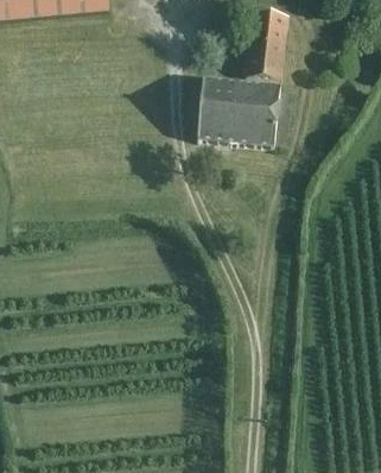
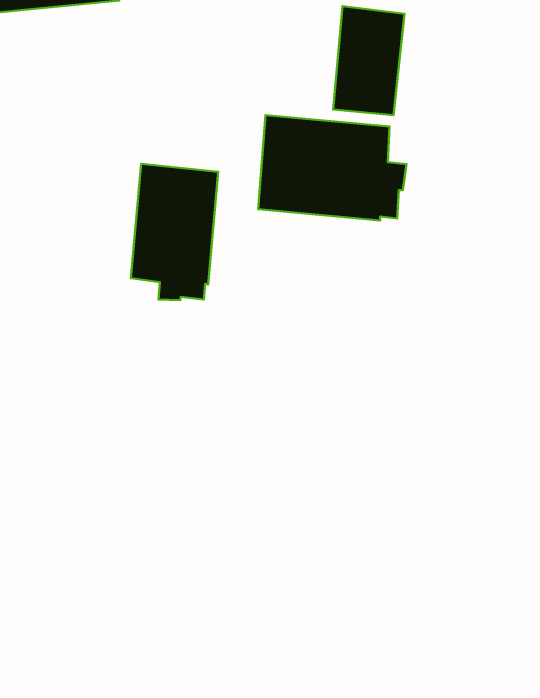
building: none -> [131,164,218,300]

